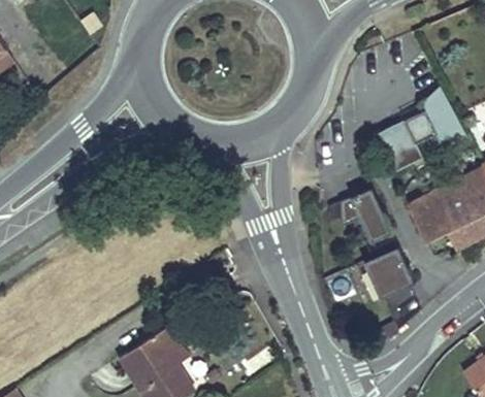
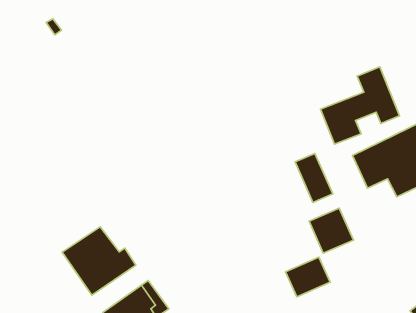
building: none -> [62,227,136,295]
building: none -> [285,257,330,297]

